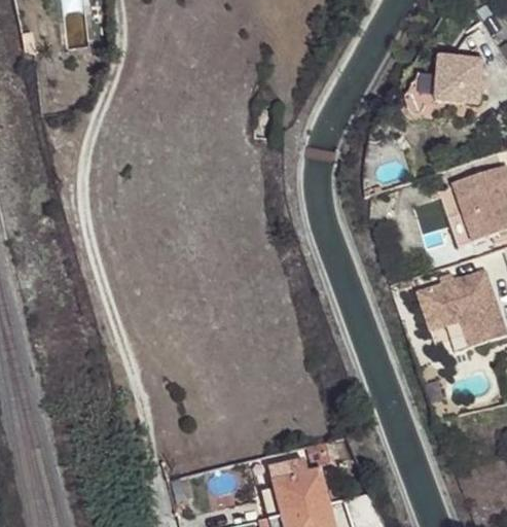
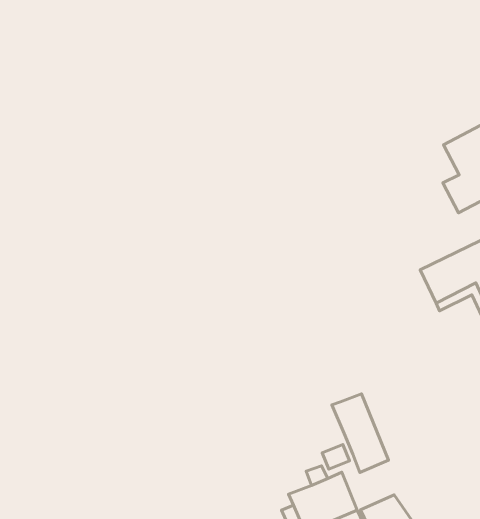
building: [434,60,480,105] -> none
building: none -> [332,394,389,473]

